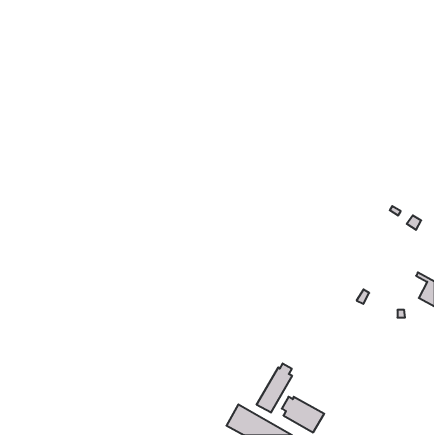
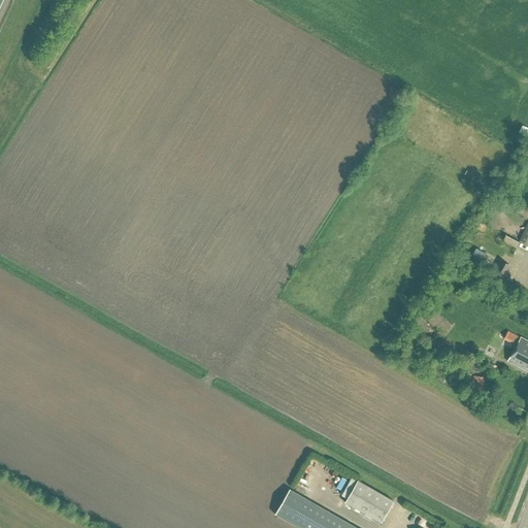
building: [257,363,292,413] -> none

